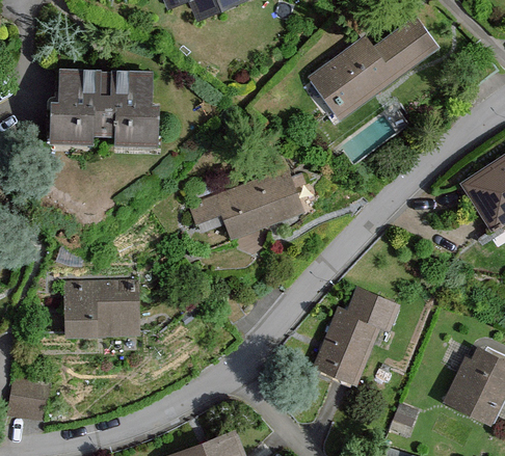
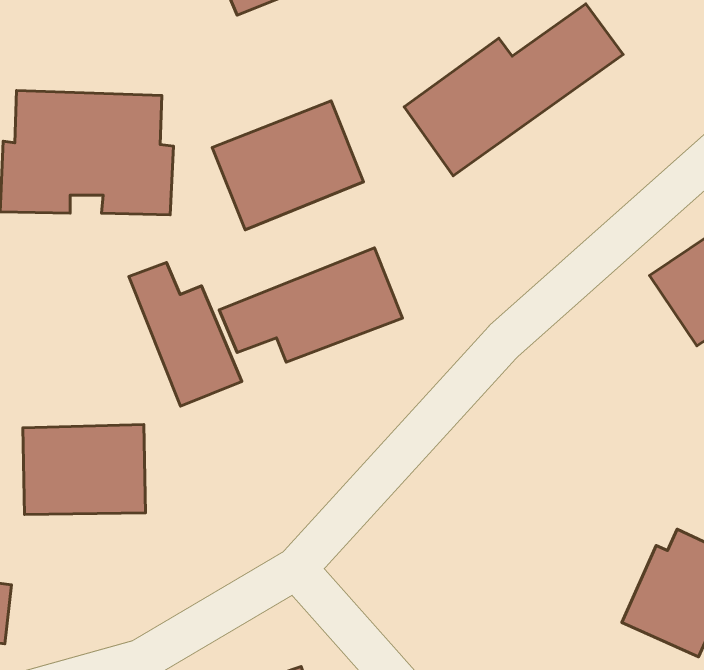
building: none -> [212,101,364,230]
building: none -> [129,262,242,406]
building: [312,286,404,386] -> none

